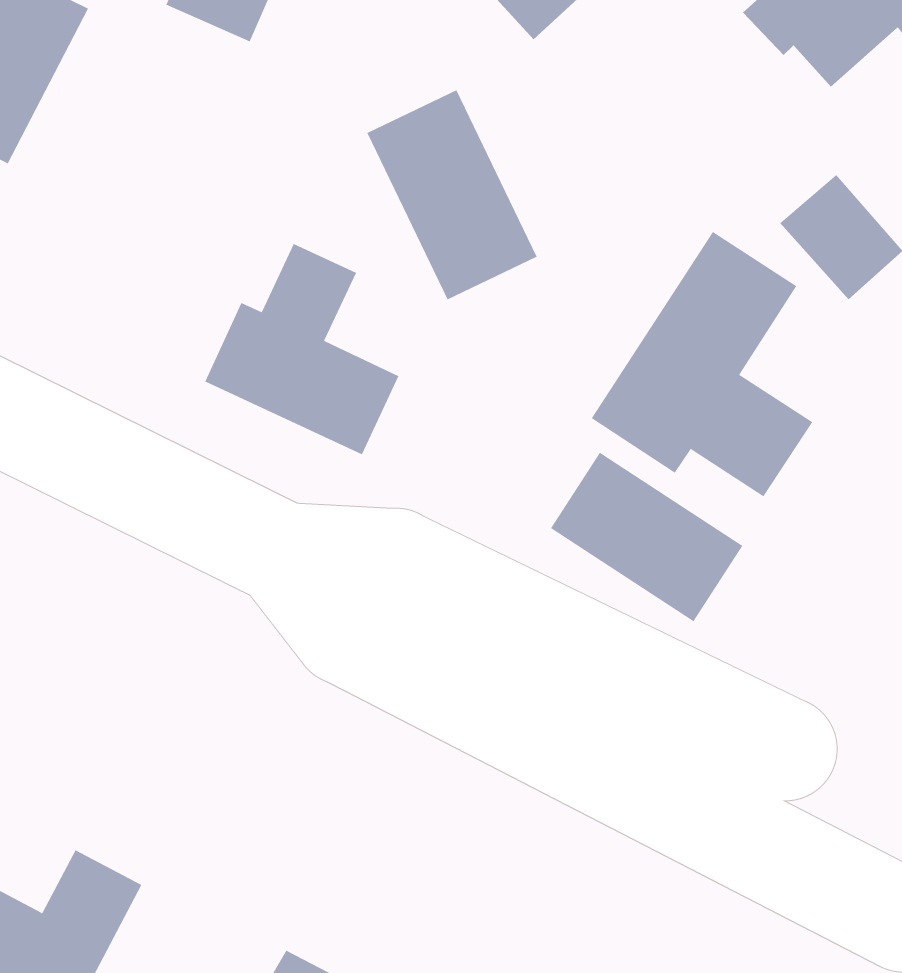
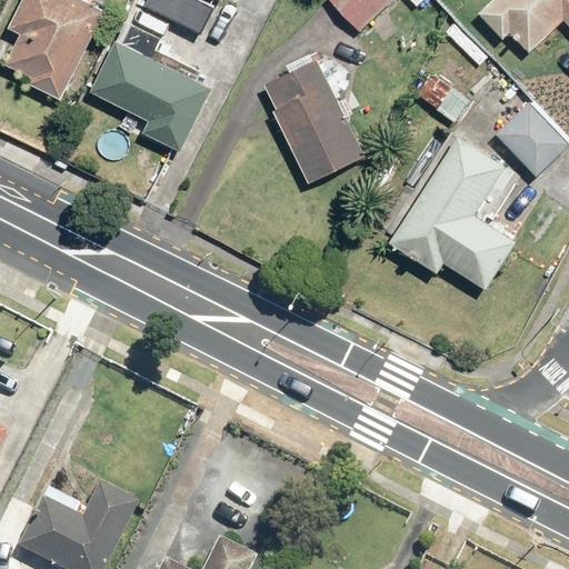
building: none -> [91,42,209,151]
building: [204,243,399,455] -> none
building: [550,452,743,622] -> none

